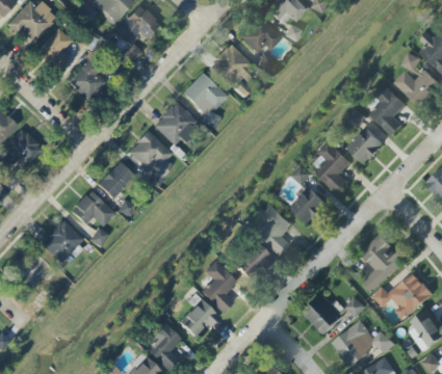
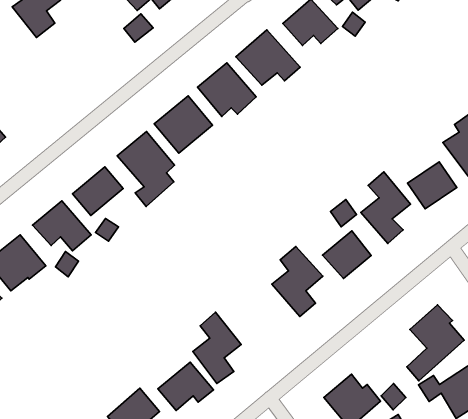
building: [68,61,106,101] -> none
building: [234,244,270,279] -> none

